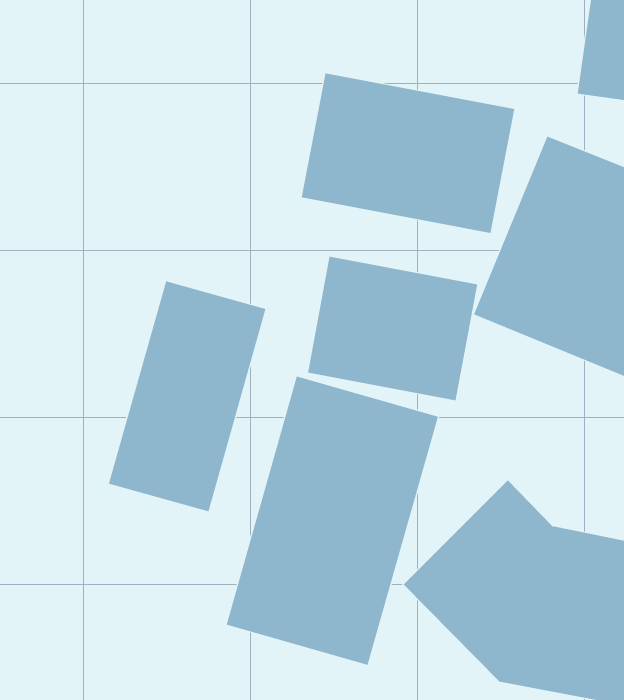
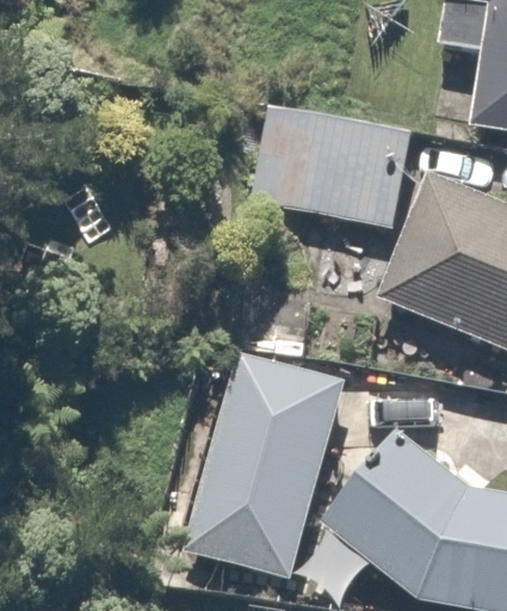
building: [307,256,478,401] -> none
building: [108,281,266,512] -> none

